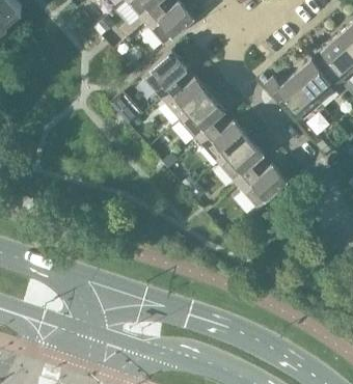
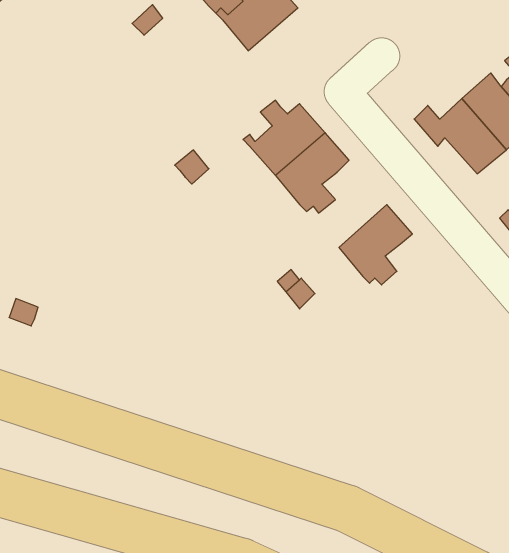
building: [141,51,188,102] -> none
building: [199,120,248,166] -> none
building: [238,164,287,211] -> none

